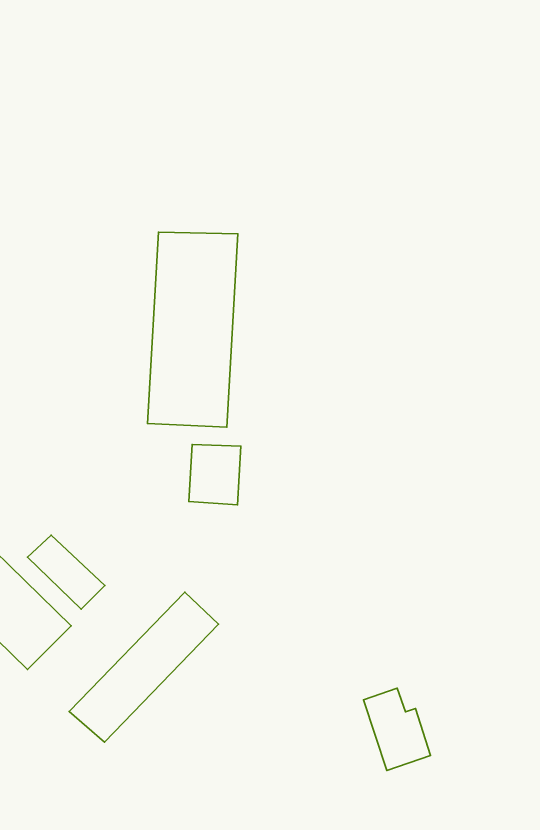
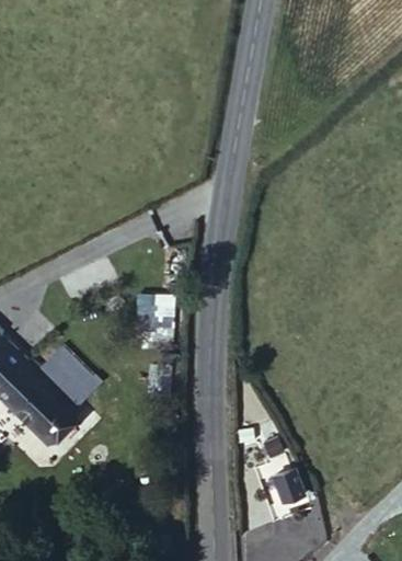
building: [147,232,238,427] -> none
building: [69,592,219,742] -> none

